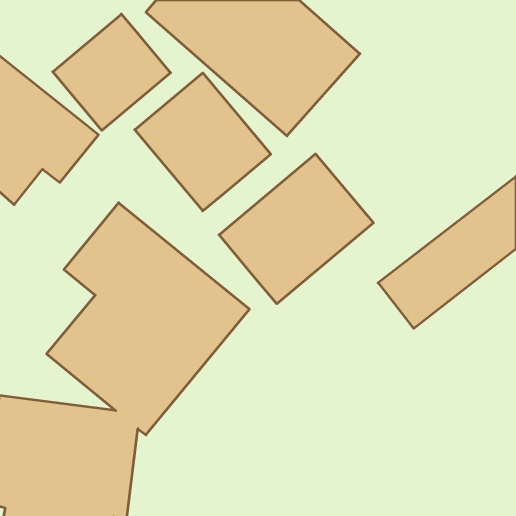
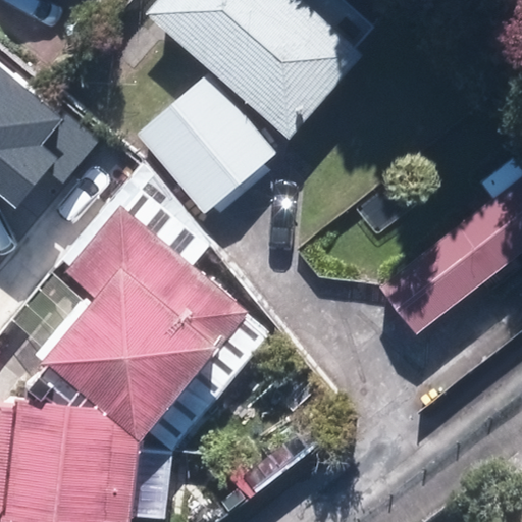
building: [53,14,171,130] -> none
building: [219,154,373,304] -> none

